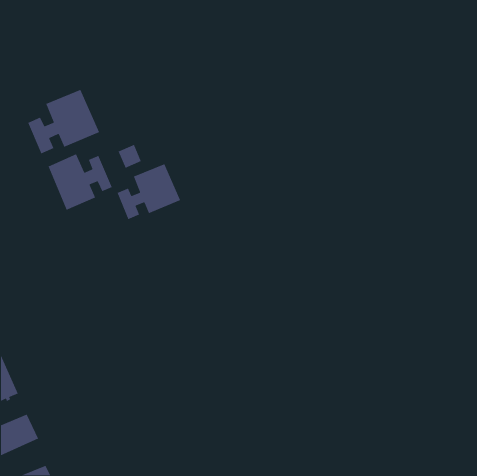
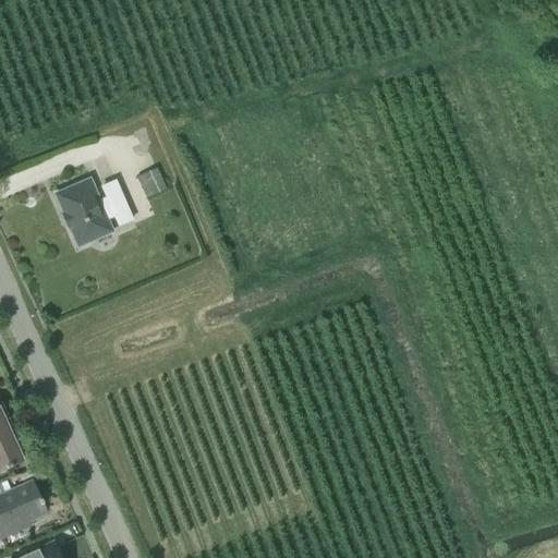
building: [27,89,100,155] -> none
building: [116,163,181,220] -> none

